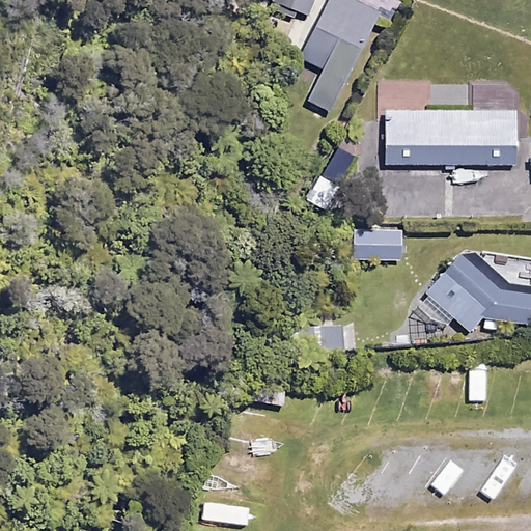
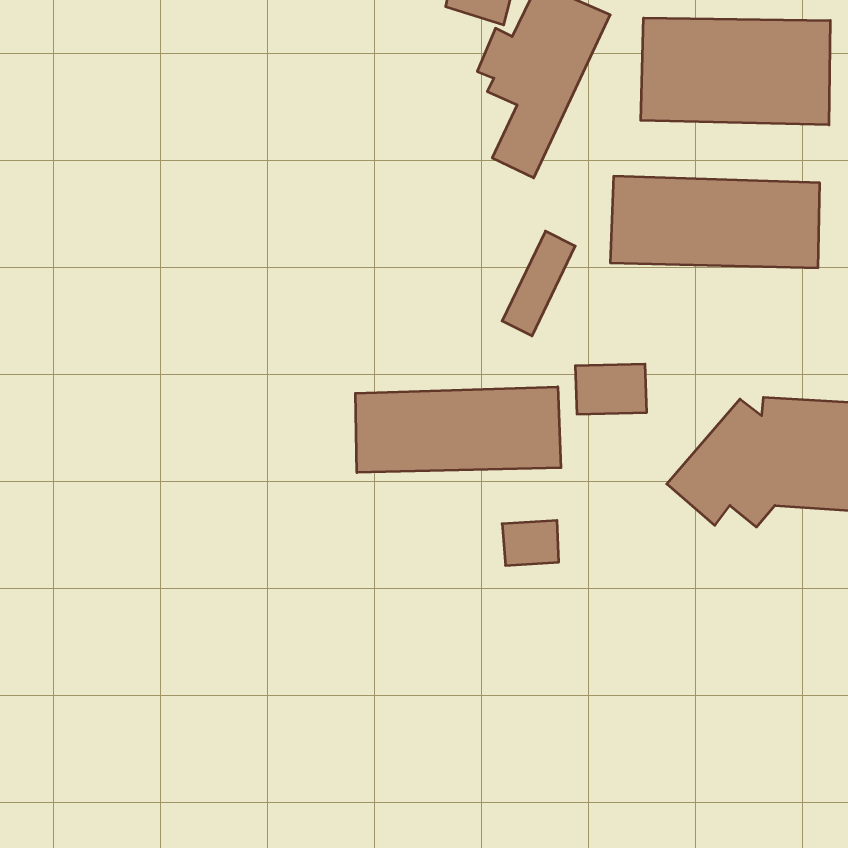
building: none -> [641,18,830,125]
building: none -> [355,387,561,473]

